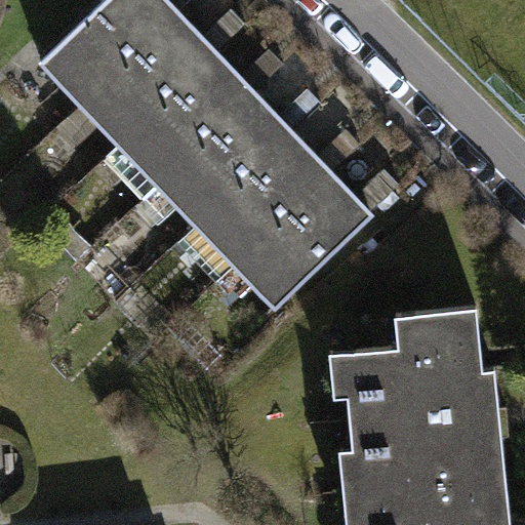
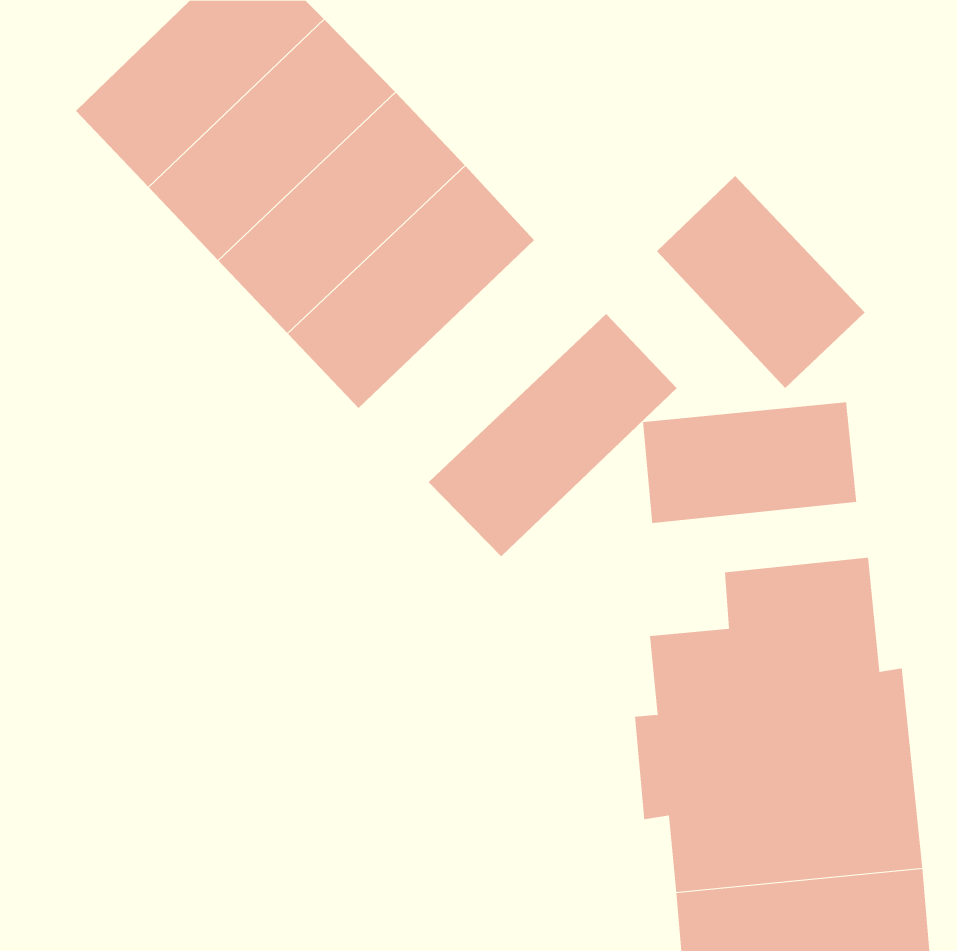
building: none -> [656,175,866,389]
building: [196,135,331,268] -> none
building: none -> [643,402,857,524]

